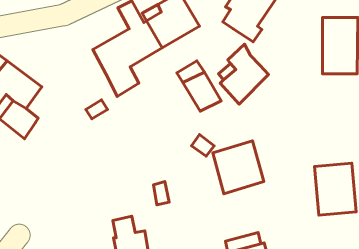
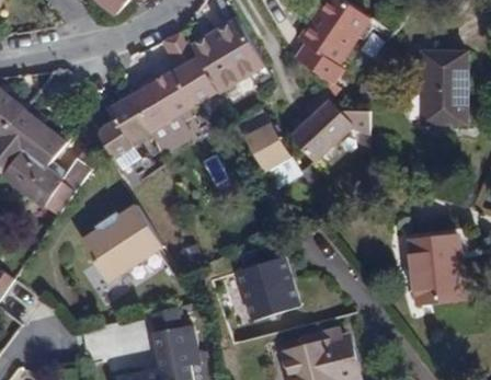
building: none -> [99,94,150,161]
building: none -> [80,206,164,284]
building: [213,141,264,194] -> [233,256,298,323]

